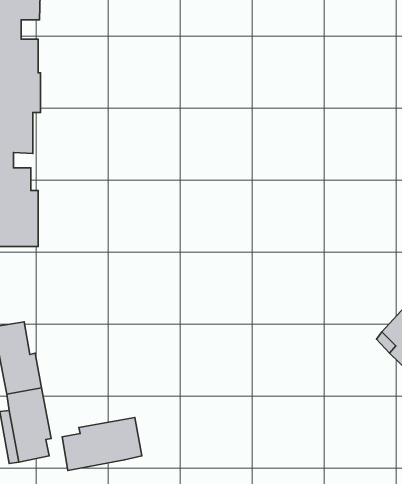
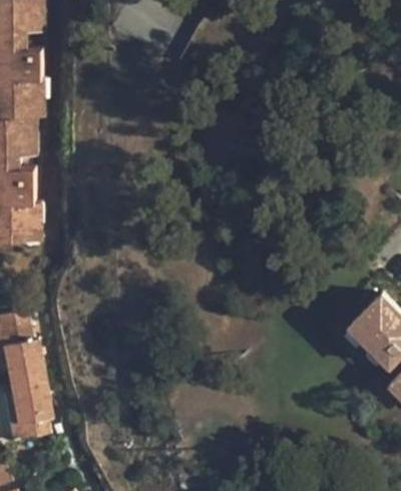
building: [62,417,142,471] -> none

